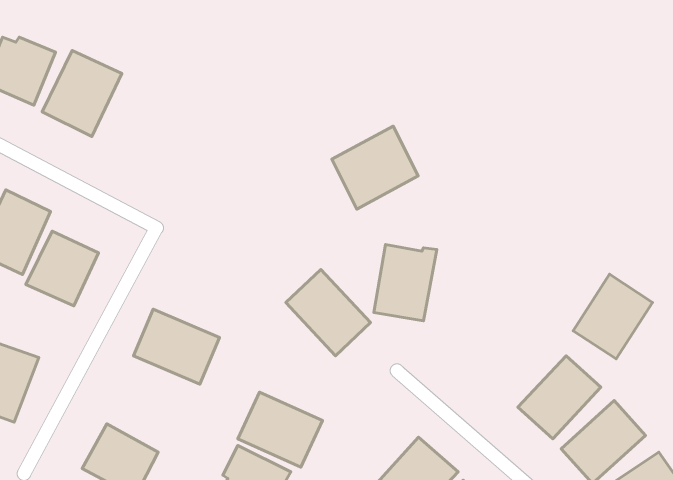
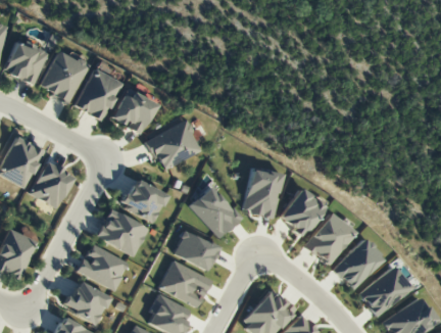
building: none -> [75,68,121,121]
building: none -> [111,89,156,134]
building: [332,126,418,209] -> [147,120,200,171]
building: none -> [120,179,166,222]
building: [573,274,653,359] -> [304,212,353,265]
building: none -> [279,188,324,235]
building: none -> [173,231,218,271]
building: none -> [77,244,129,290]

